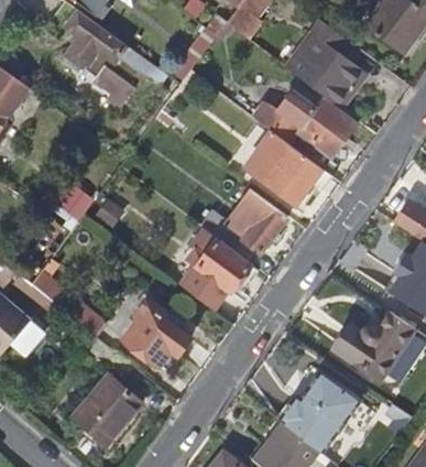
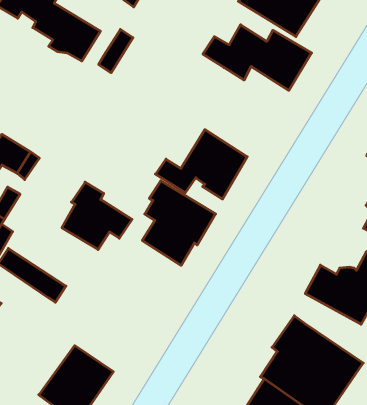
building: [244,130,323,205] -> none
building: [125,300,192,363] -> [62,182,132,250]

